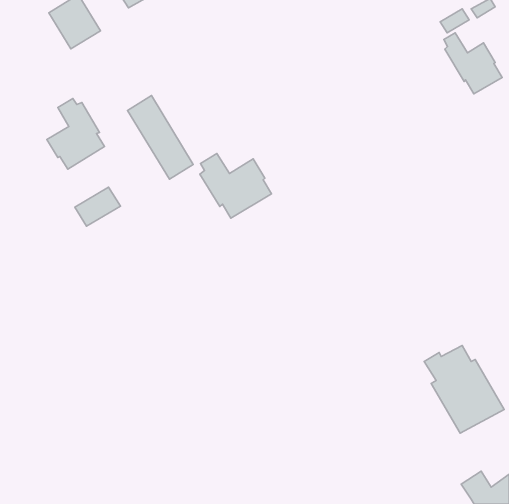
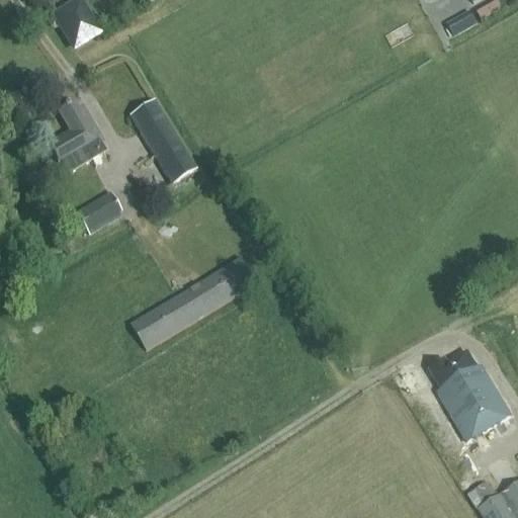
building: [444,33,502,94] -> none
building: [200,154,272,218] -> none
building: none -> [132,256,258,348]

